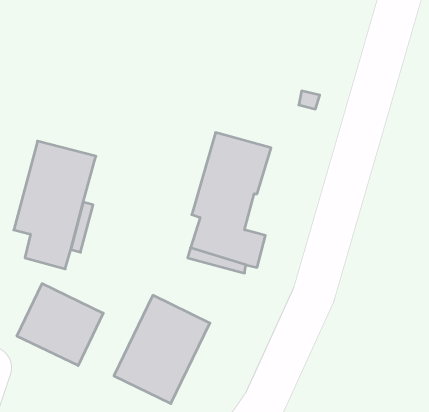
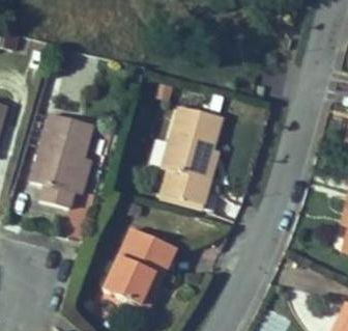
building: [17,284,103,366] -> none

